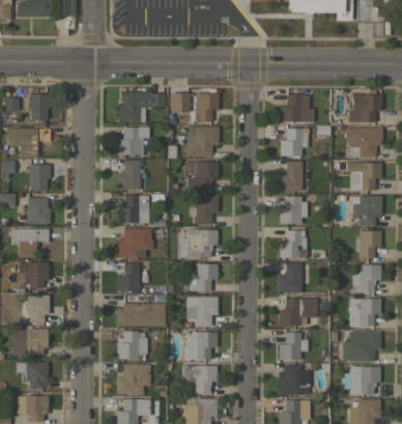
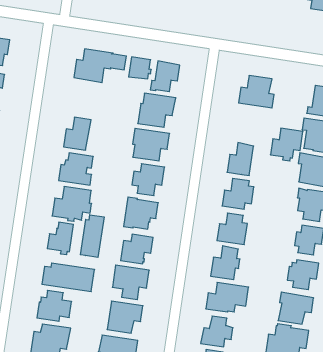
building: [118,126,149,158] -> none
building: [281,129,309,159] -> [270,128,303,161]
building: none -> [80,215,104,257]

